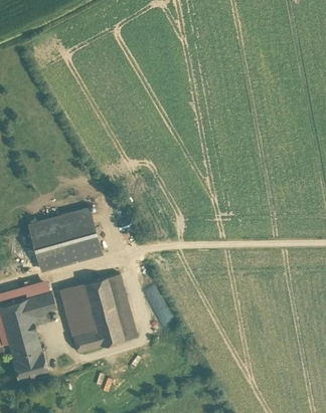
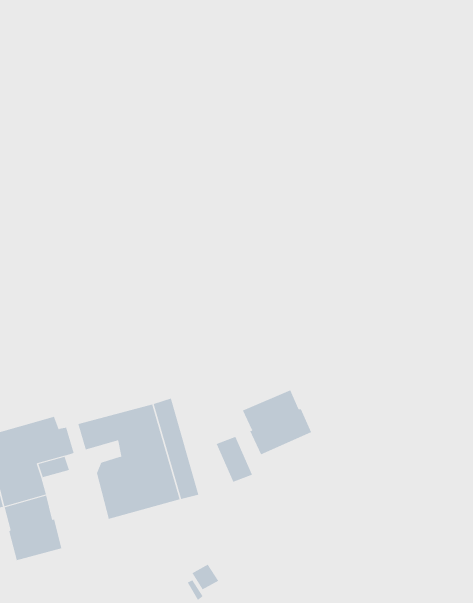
building: [28,207,101,269] -> none
building: none -> [242,390,312,455]

